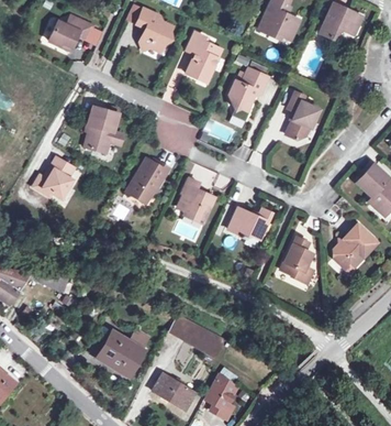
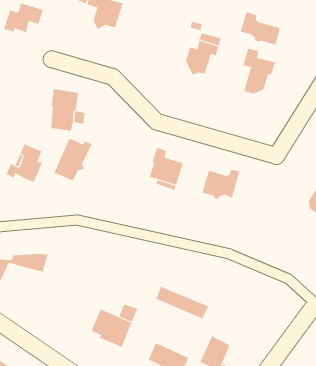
building: [186,33,221,78] -> none
building: none -> [240,11,281,46]
building: [126,160,169,204] -> [54,138,93,181]
building: [281,239,314,285] -> none

